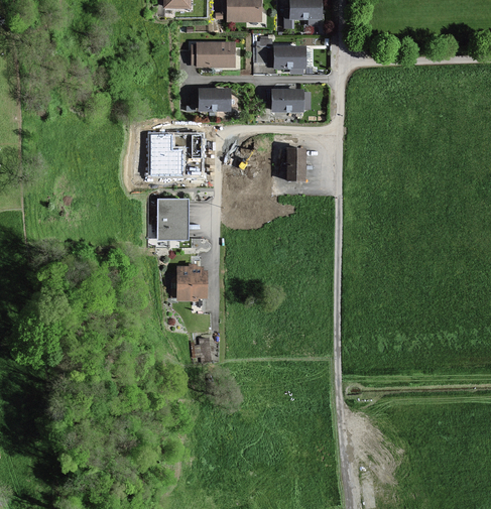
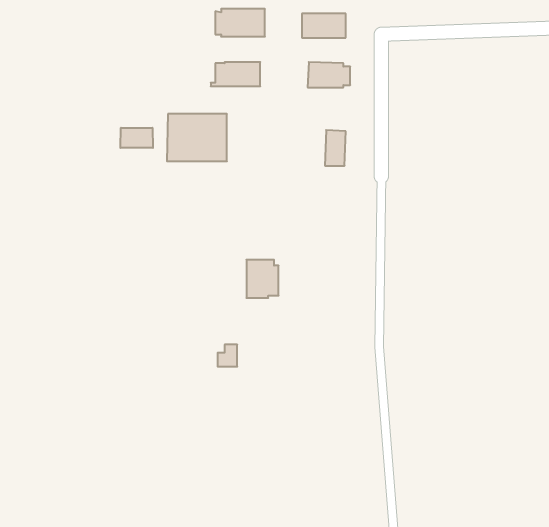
building: none -> [120,128,153,148]
building: [157,200,188,238] -> none
building: [177,266,206,299] -> [246,260,279,298]

